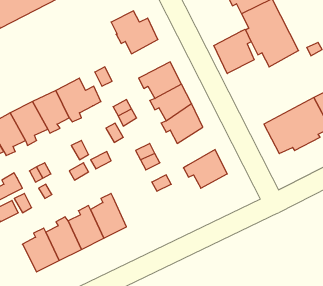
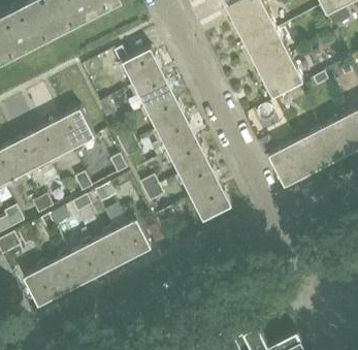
building: [214,29,254,74] -> none
building: none -> [130,71,173,108]
building: none -> [176,160,219,198]
building: none -> [116,216,152,261]

